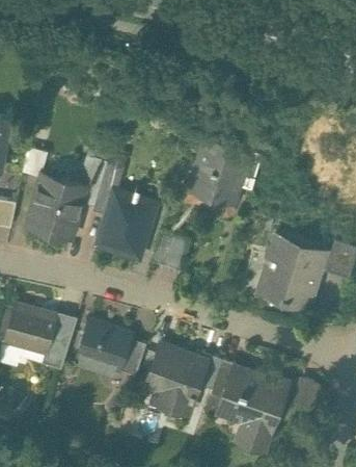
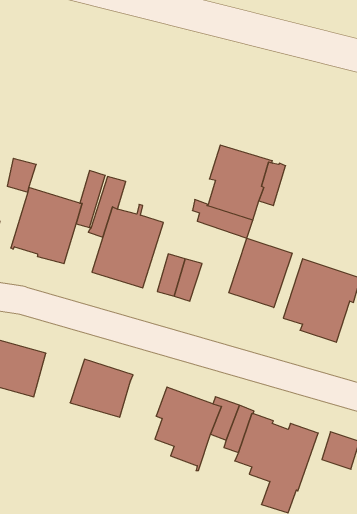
building: none -> [229,238,292,308]
building: [45,315,75,368] -> none
building: [118,339,145,375] -> none

